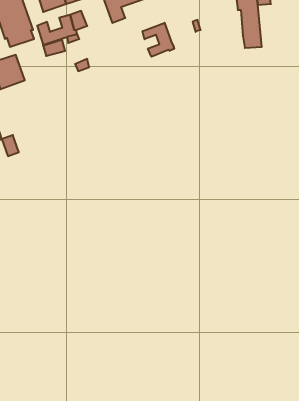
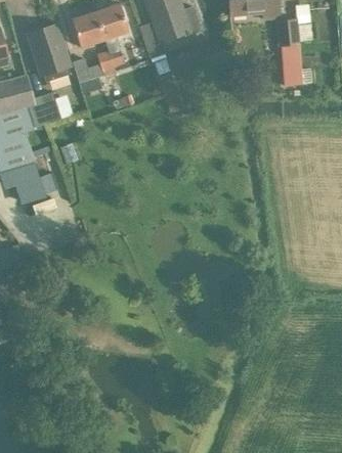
building: [143,23,174,57] -> none

